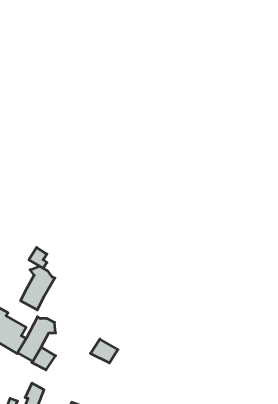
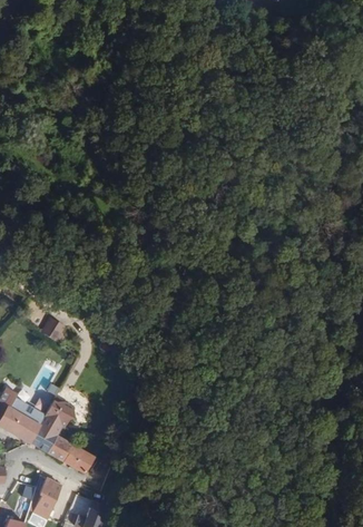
building: [21,266,55,310] -> none
building: [90,339,118,363] -> [62,445,95,472]

